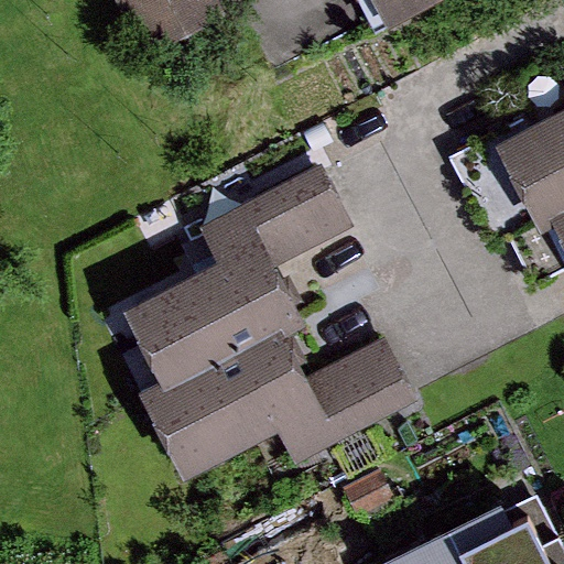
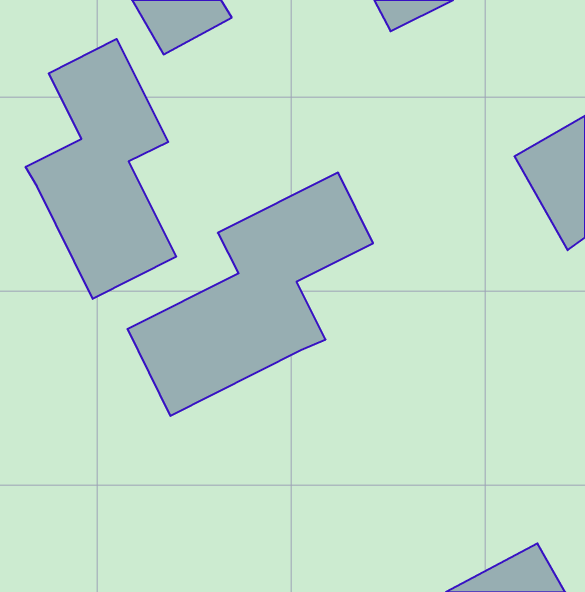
building: none -> [26,39,176,299]
building: [145,326,420,477] -> none

